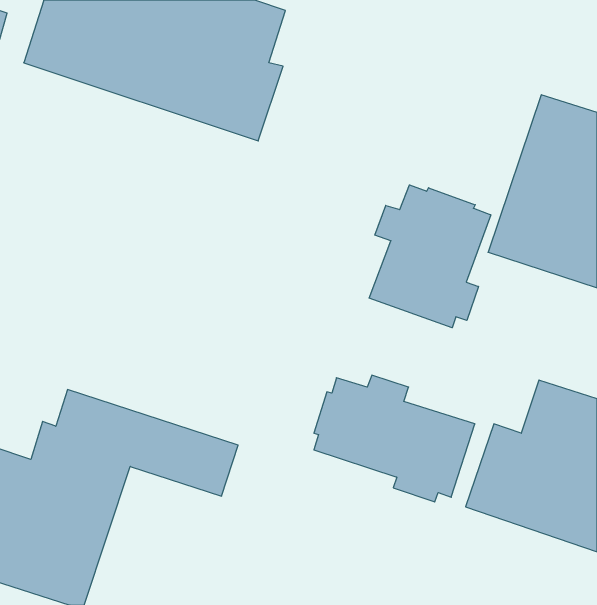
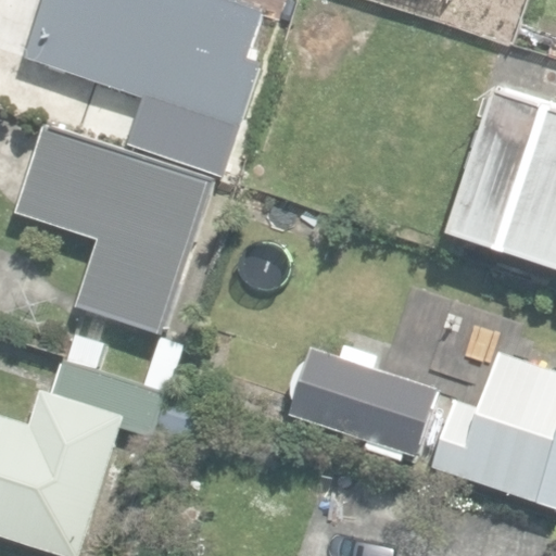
building: none -> [16,126,214,337]
building: [369,185,491,328] -> none

